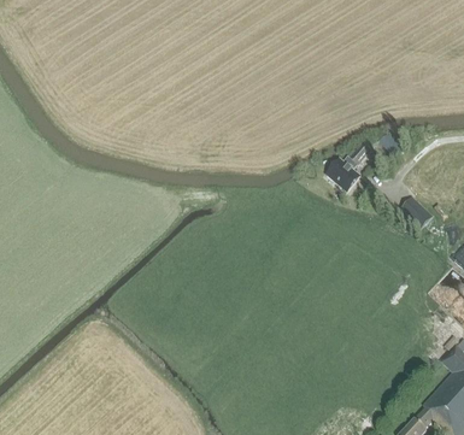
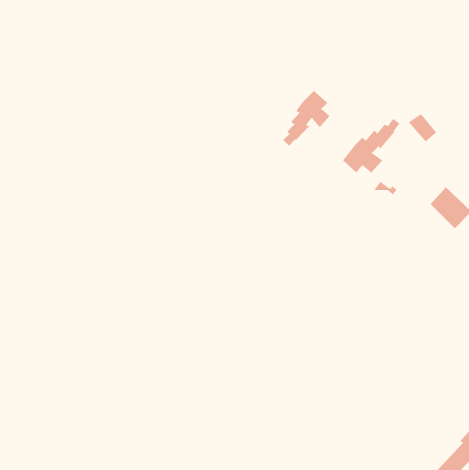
building: none -> [283,90,330,146]

